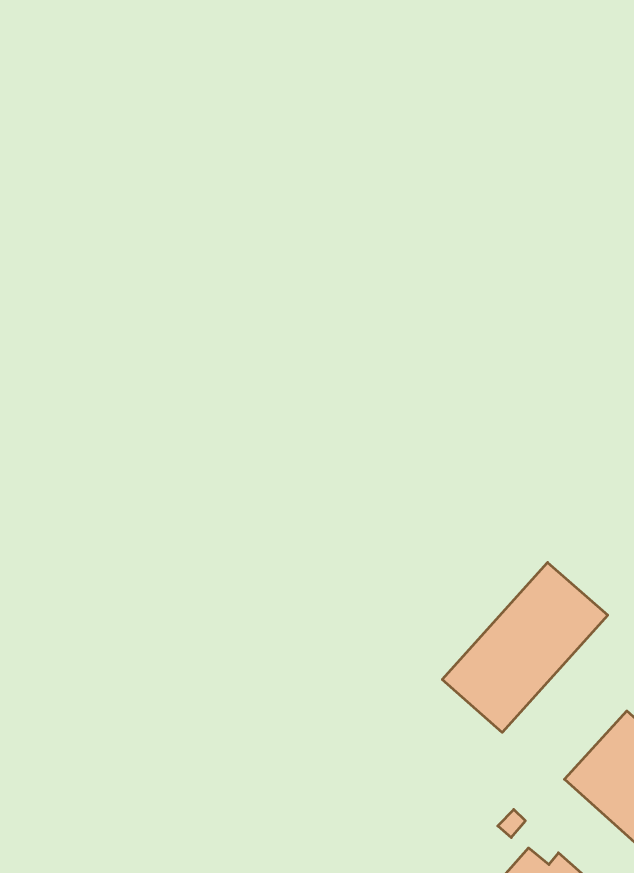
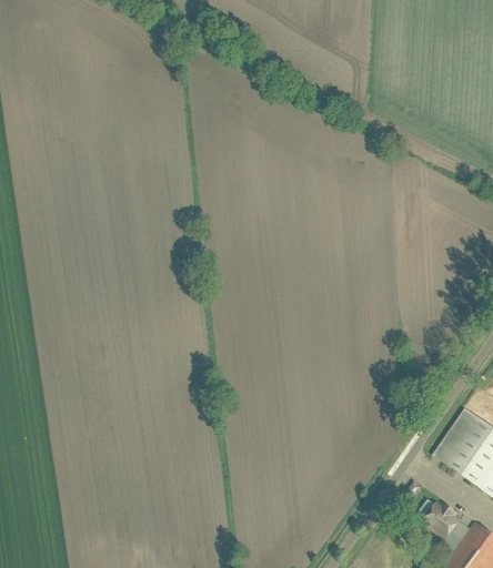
building: [442,562,608,732] -> none

